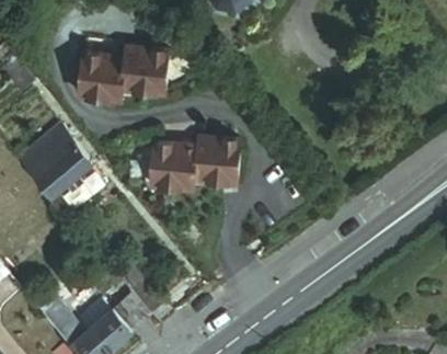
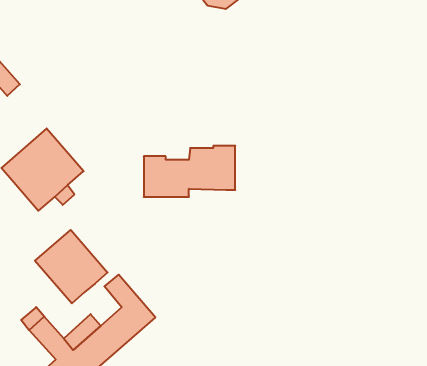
building: [79,50,165,99] -> none
building: none -> [35,230,108,303]

